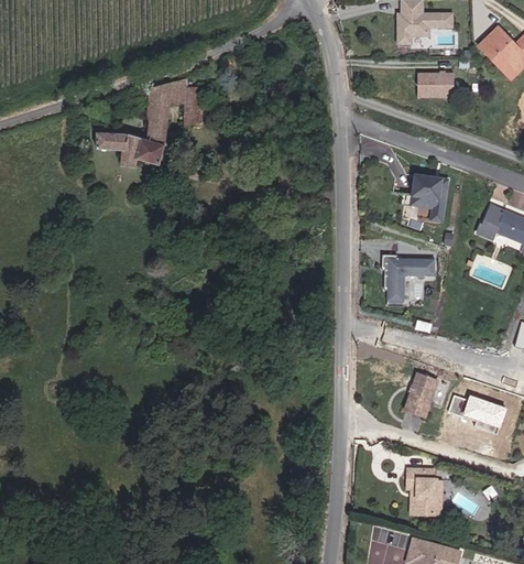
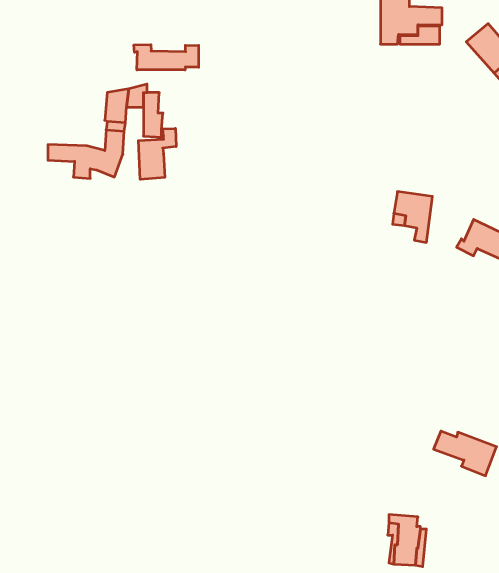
building: none -> [134,45,199,70]
building: [412,73,449,97] -> none
building: none -> [138,128,176,179]
building: [382,254,435,301] -> none
building: [404,372,437,416] -> none

